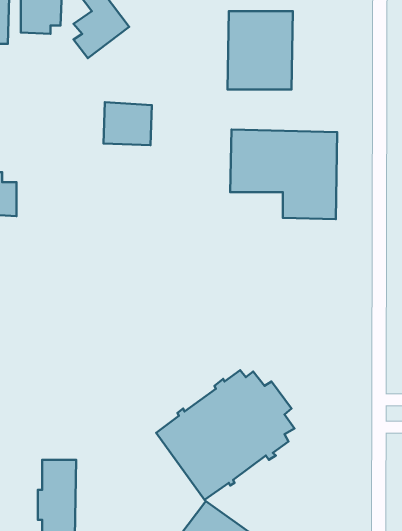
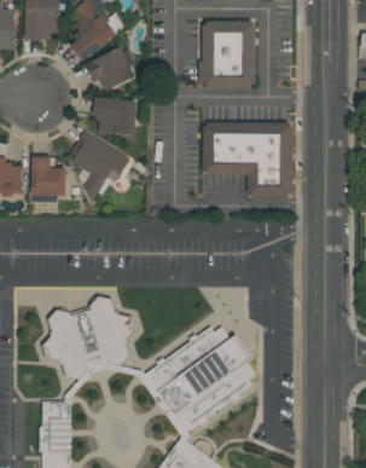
building: none -> [85,47,134,91]
building: none -> [66,131,129,198]
building: none -> [30,157,65,201]
building: none -> [42,296,135,380]

